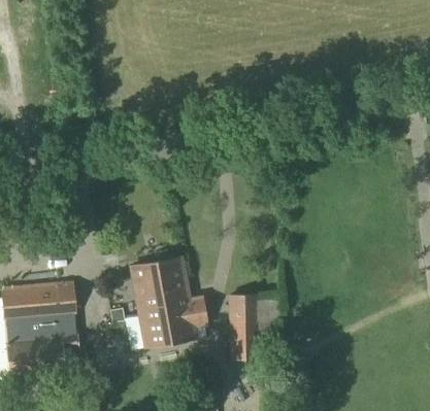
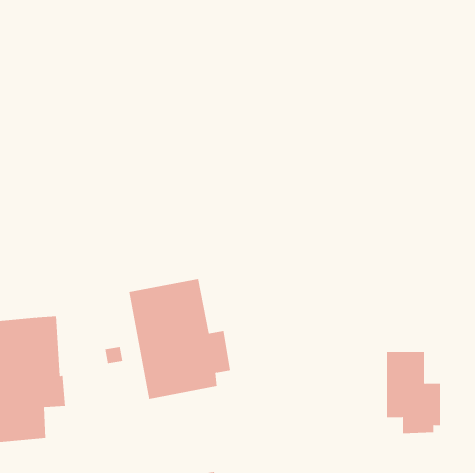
building: [228,294,270,357] -> [386,351,441,434]

